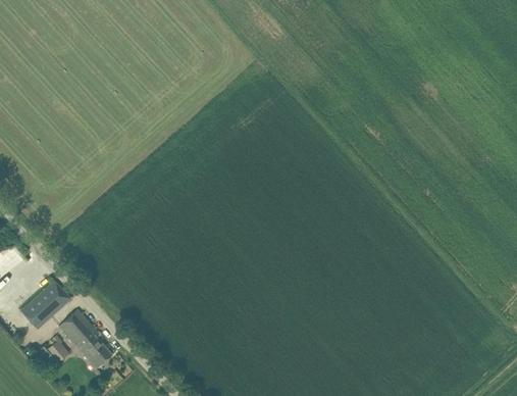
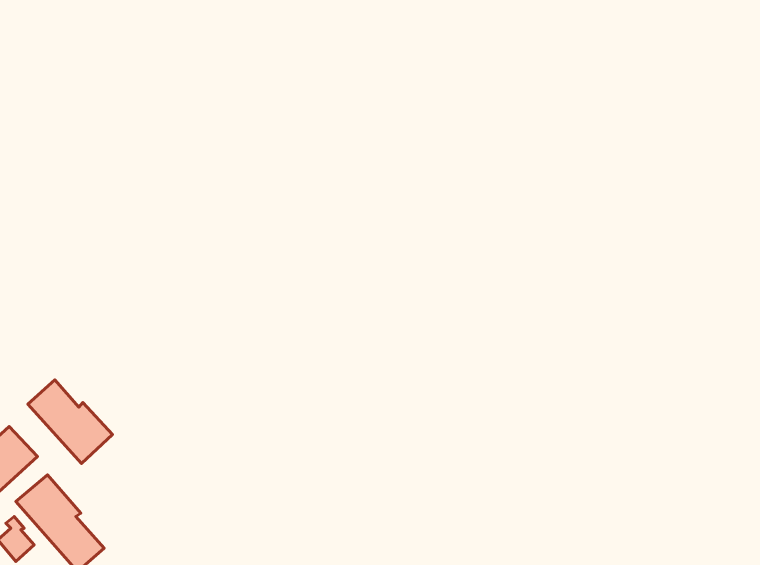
building: none -> [28,380,112,464]

